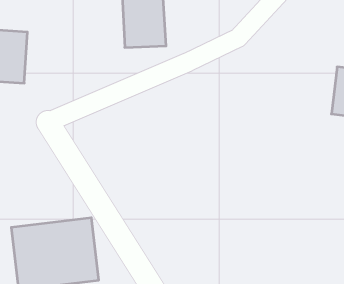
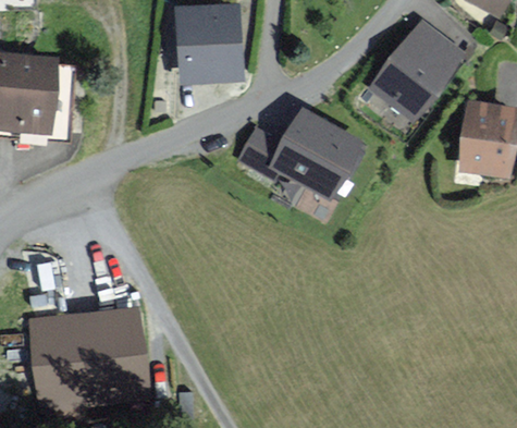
building: none -> [373,23,463,117]
building: none -> [239,111,361,195]

